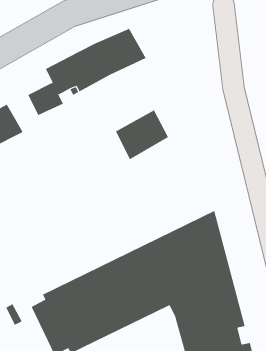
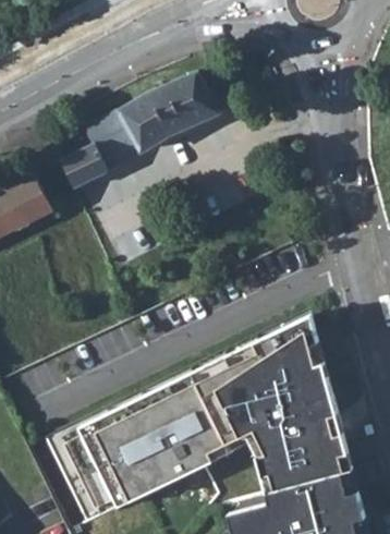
building: [115,110,169,160] -> none

